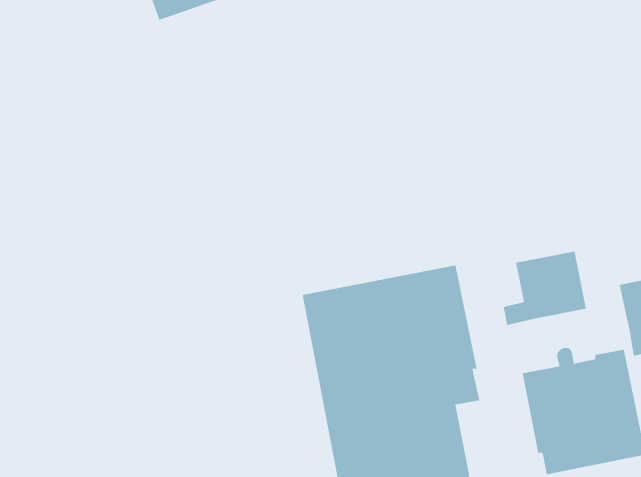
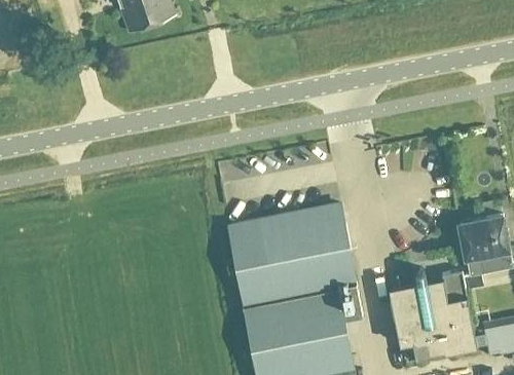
building: [503,251,586,326] -> none

